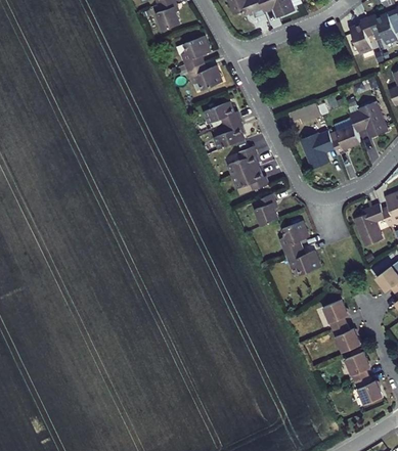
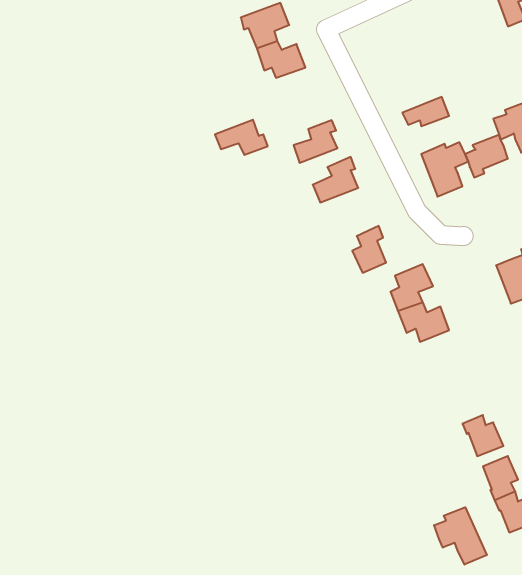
building: [203,99,239,124] -> [215,120,268,155]
building: [231,165,268,188] -> none
building: [322,299,347,329] -> none
building: none -> [434,507,487,565]

